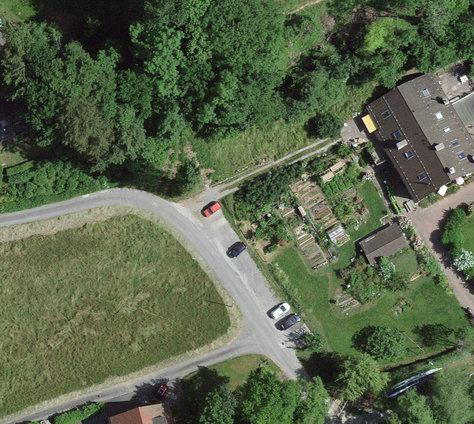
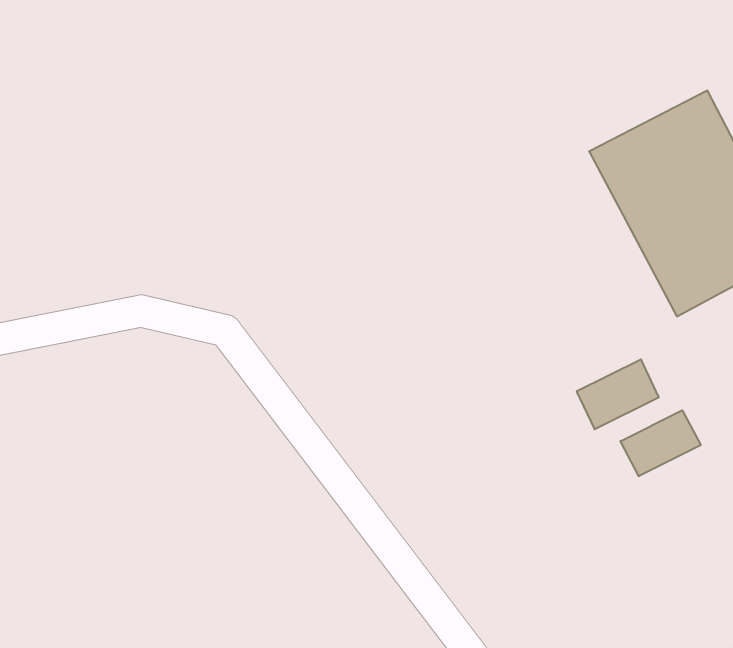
building: none -> [620,410,701,476]

